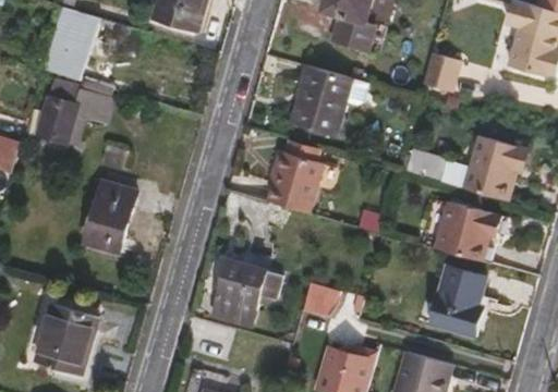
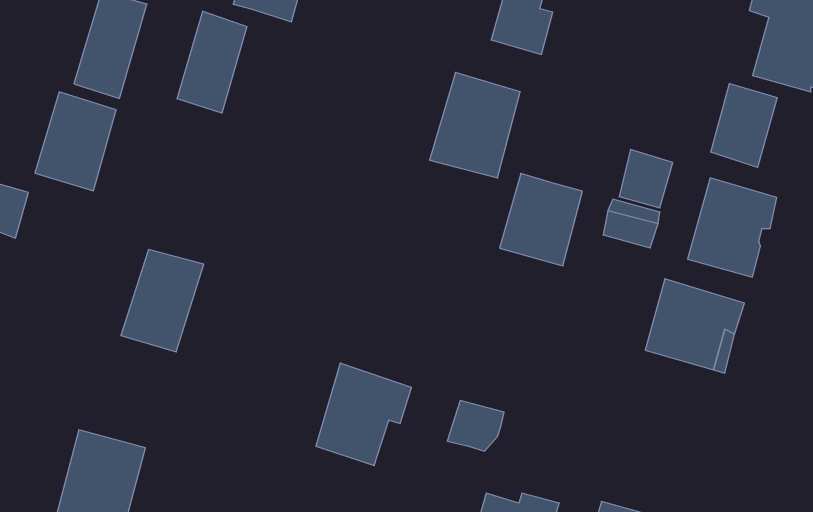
building: none -> [177,11,247,113]
building: [422,51,458,90] -> [619,149,673,208]
building: none -> [711,83,777,167]
building: [265,151,320,213] -> [500,173,582,266]
building: [430,269,484,338] -> none

